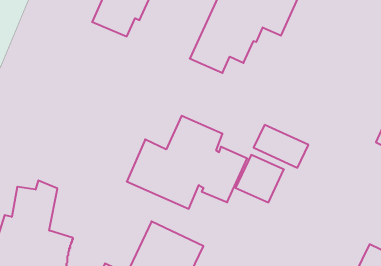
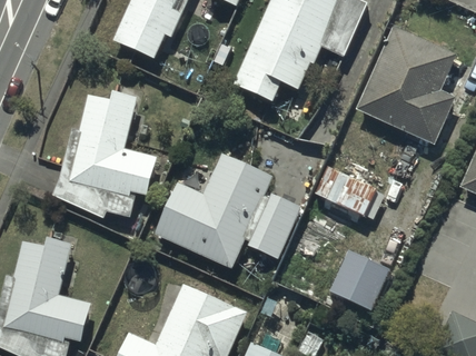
building: none -> [357,24,457,142]
building: none -> [51,86,156,217]
building: [235,155,284,202] -> [330,251,389,309]

